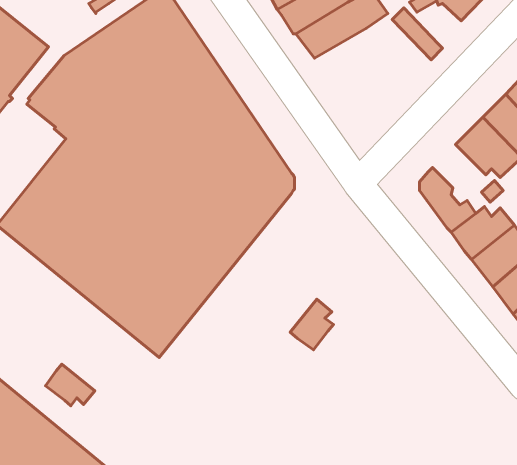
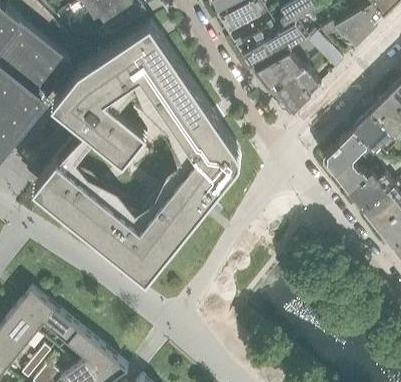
building: none -> [254,49,320,116]
building: none -> [336,130,373,160]
building: [290,299,334,350] -> none
building: [46,364,95,406] -> none

